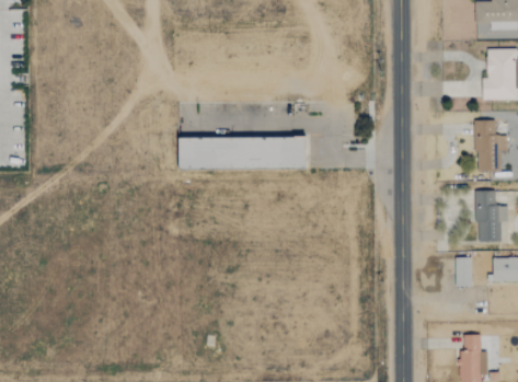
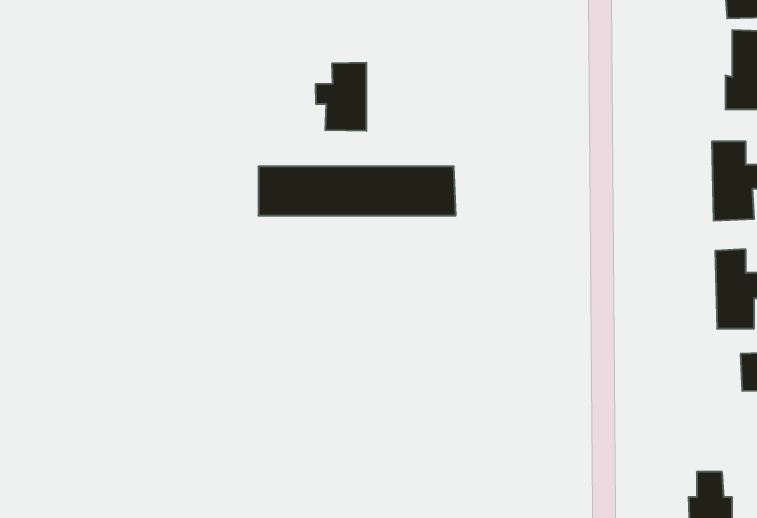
building: none -> [316,63,366,131]
building: [456,257,473,287] -> none

